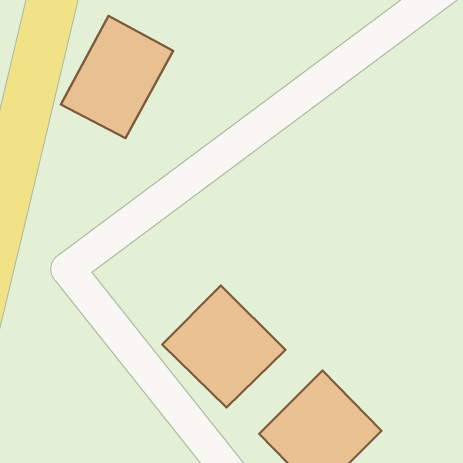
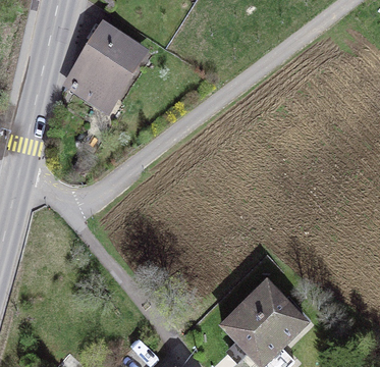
building: [162,285,285,408] -> none

